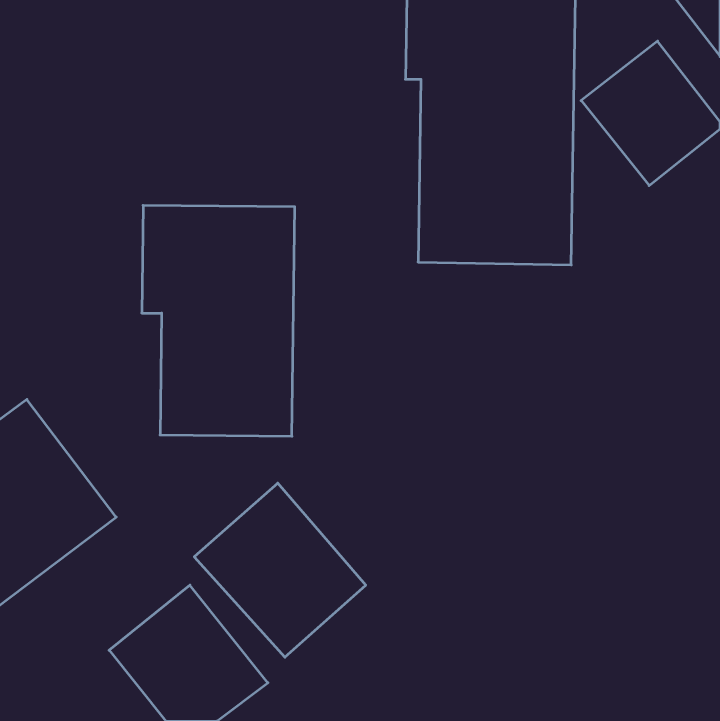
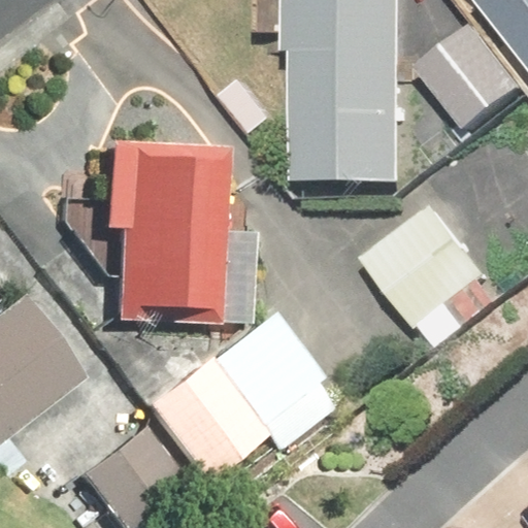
building: none -> [371,208,491,327]
building: none -> [209,307,344,447]

